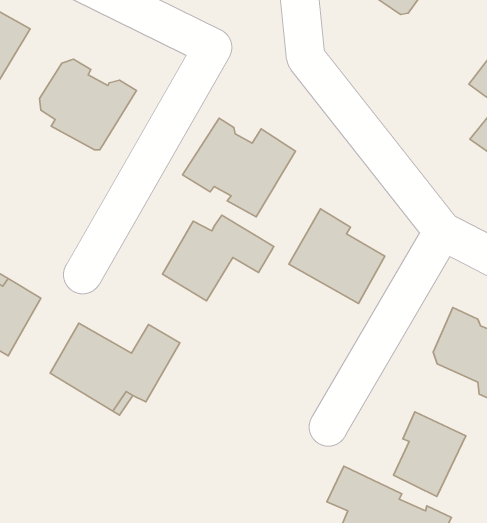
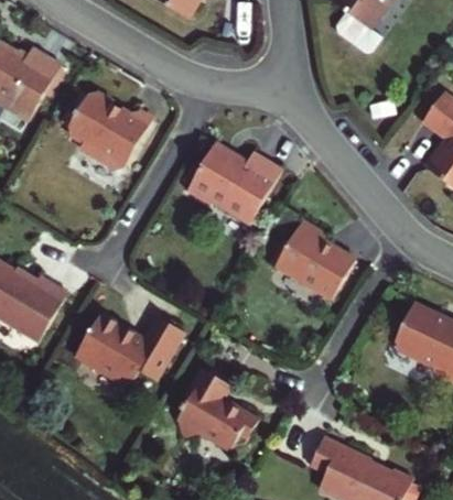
building: [163,215,274,301] -> none
building: none -> [180,368,260,448]
building: [394,412,466,496] -> none

